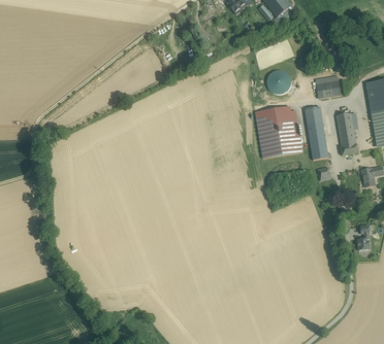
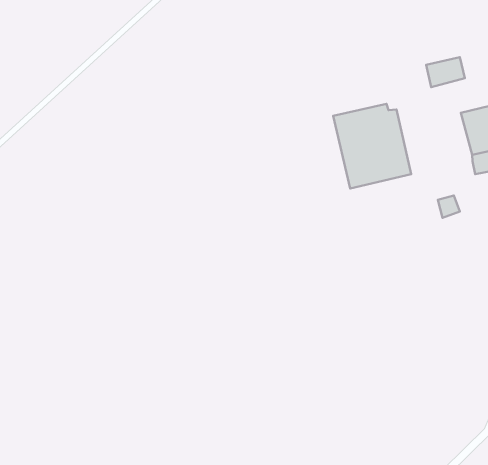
building: [267,69,290,92] -> none
building: [305,105,328,159] -> none

